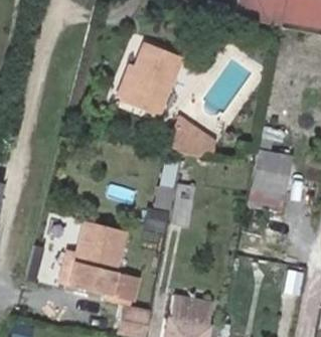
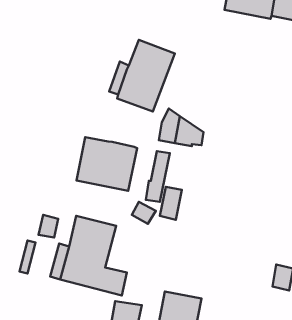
building: none -> [77,137,137,191]
building: [252,151,288,193] -> none

